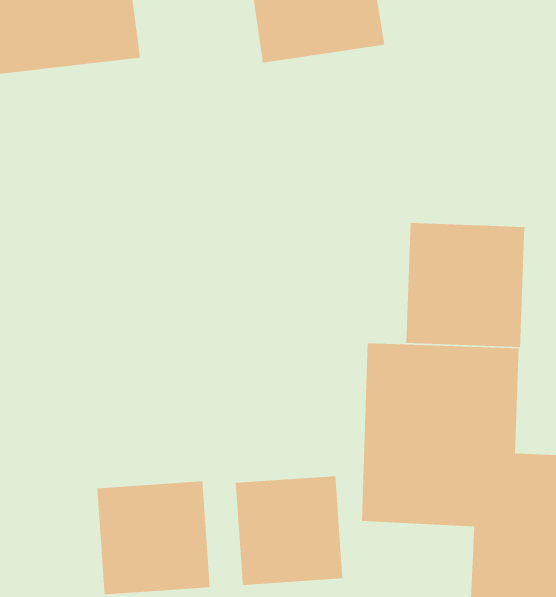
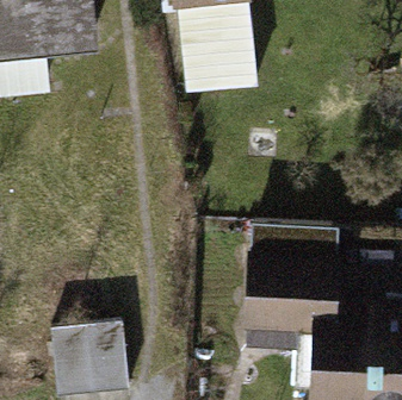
building: [406,222,525,348] -> none
building: [235,475,343,586] -> none

